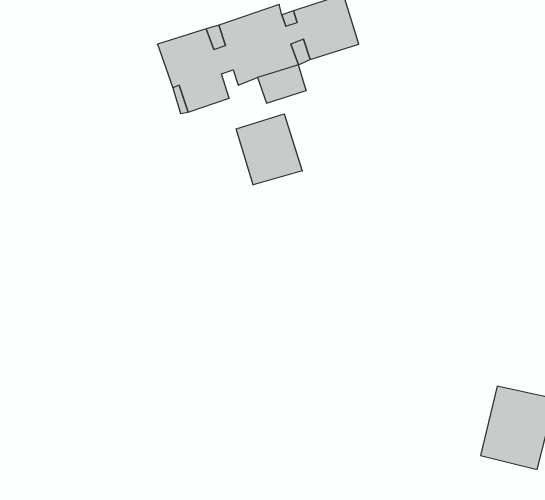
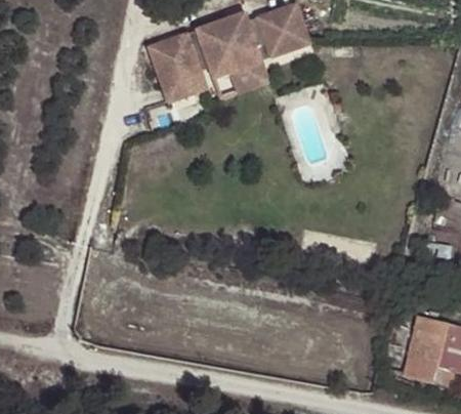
building: [236,114,302,185] -> none

